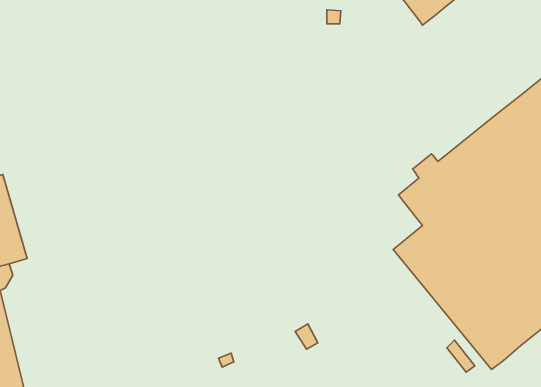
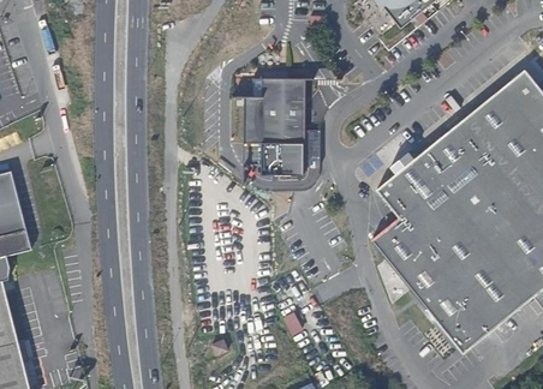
building: none -> [232,78,314,175]

